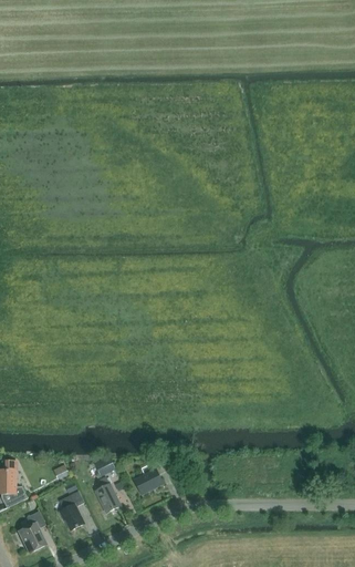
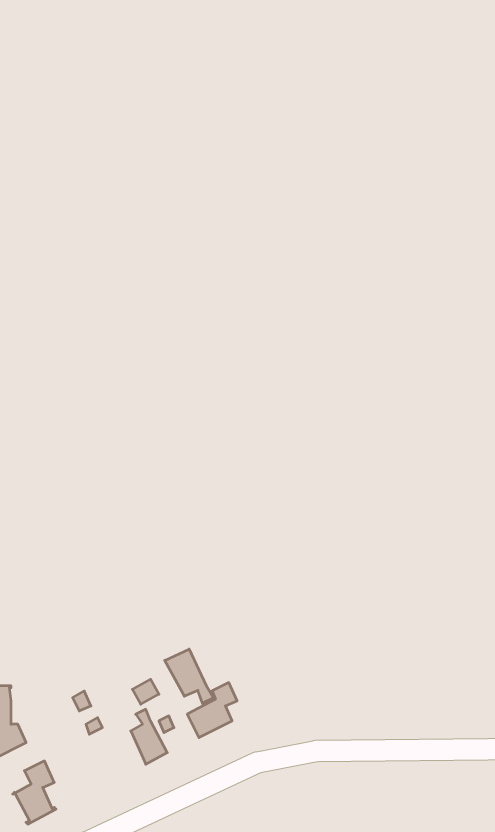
building: none -> [165,649,213,703]
building: [59,491,85,530] -> none

